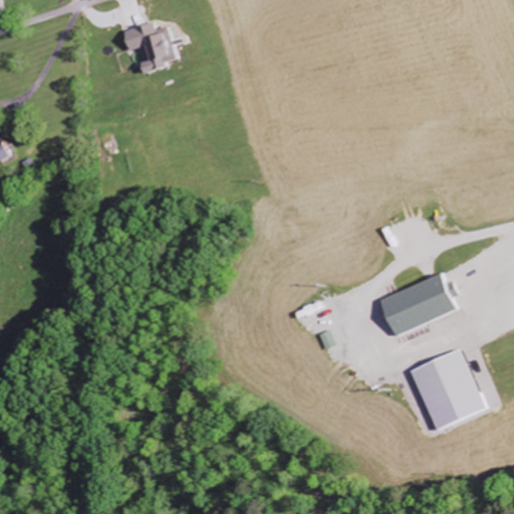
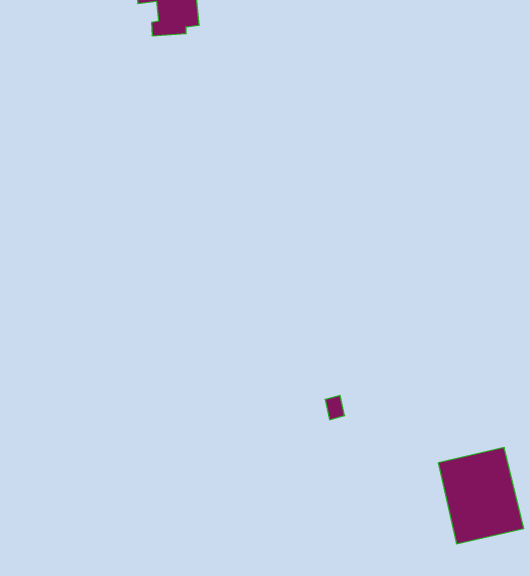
building: [376,273,457,334] -> none

